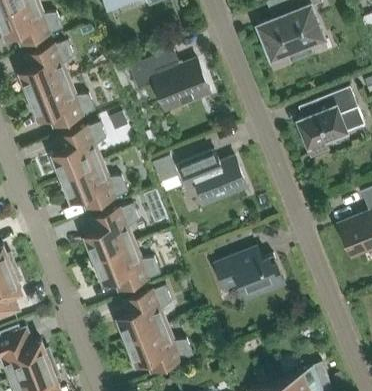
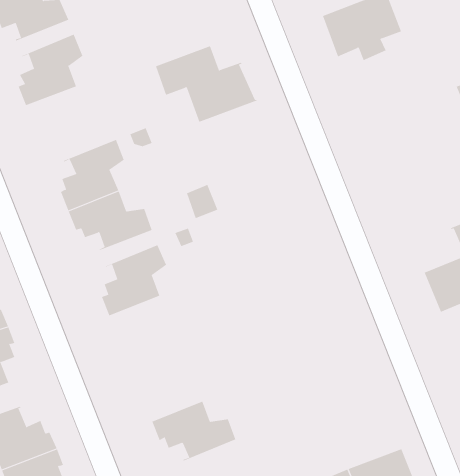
building: [28,81,94,127] -> none
building: [297,87,357,157] -> none
building: [178,151,249,205] -> none
building: [93,244,160,291] -> none
building: [214,255,283,299] -> none
building: [120,286,170,342] -> none

